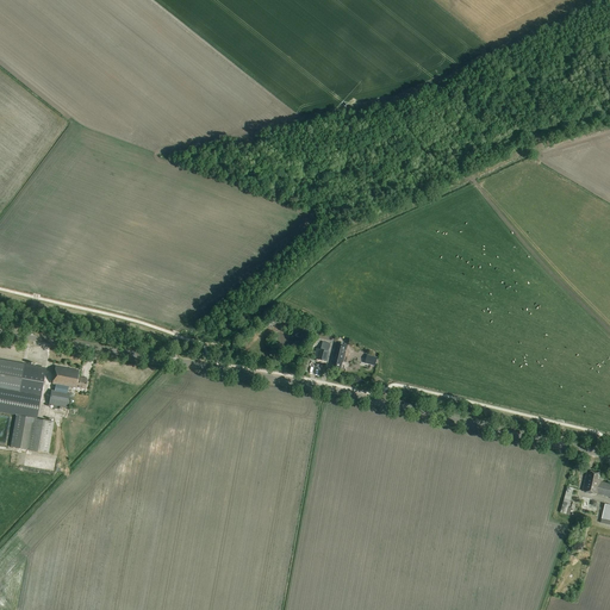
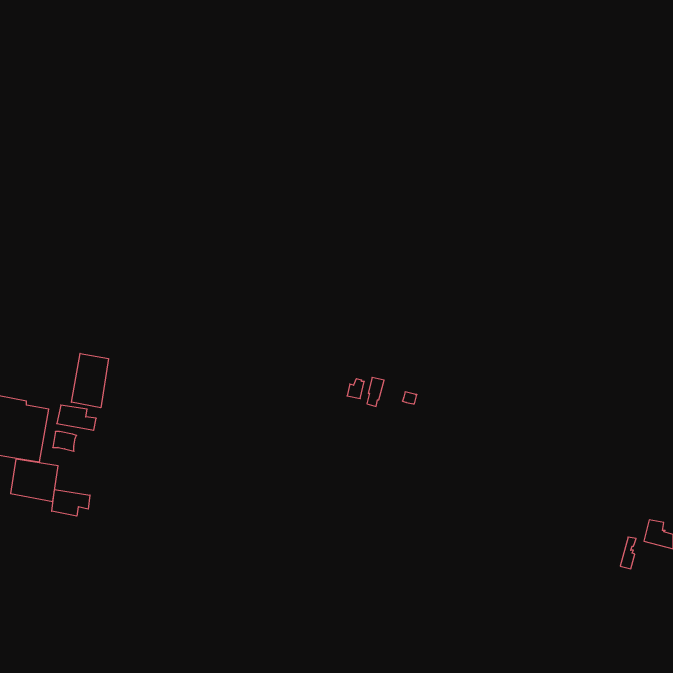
building: none -> [71,353,108,408]
building: none -> [52,489,90,516]

